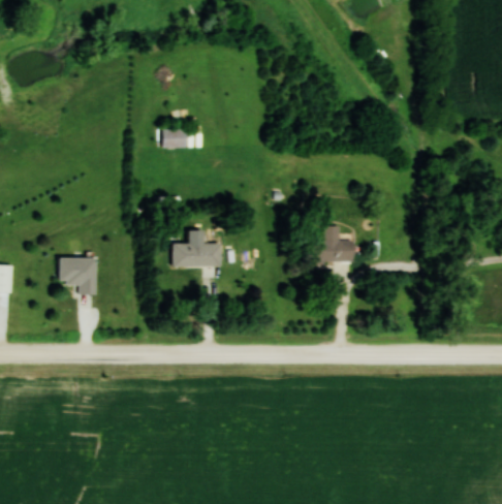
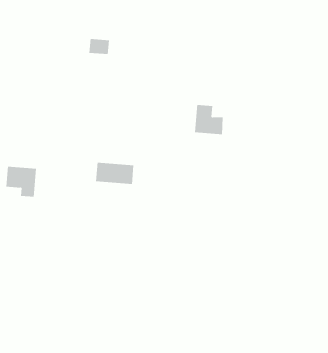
building: [162,128,188,147] -> [89,39,110,55]
building: [318,225,355,261] -> [194,104,223,135]

